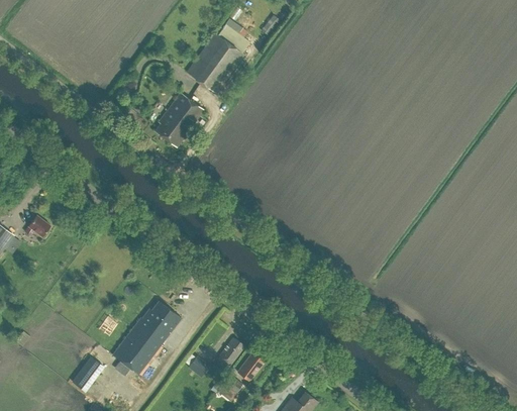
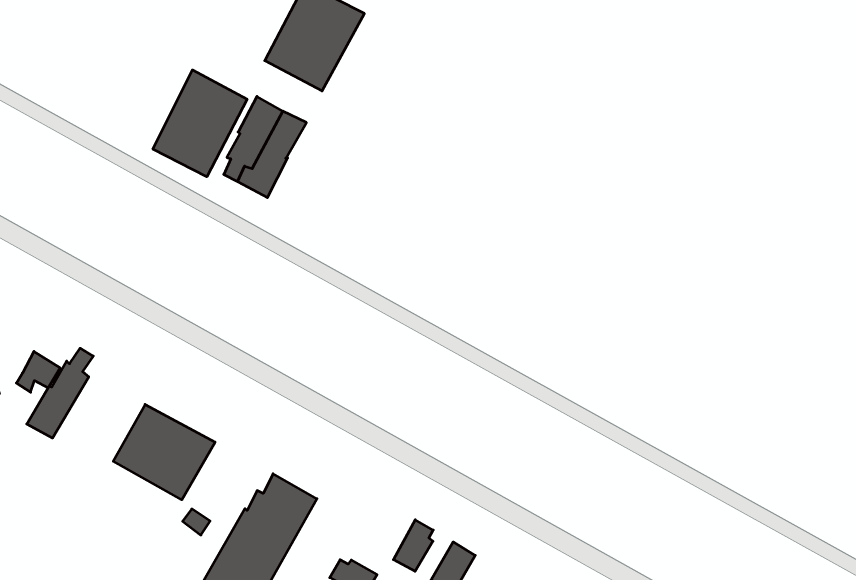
building: none -> [153,70,247,177]
building: none -> [27,348,93,438]
building: none -> [113,404,215,500]

